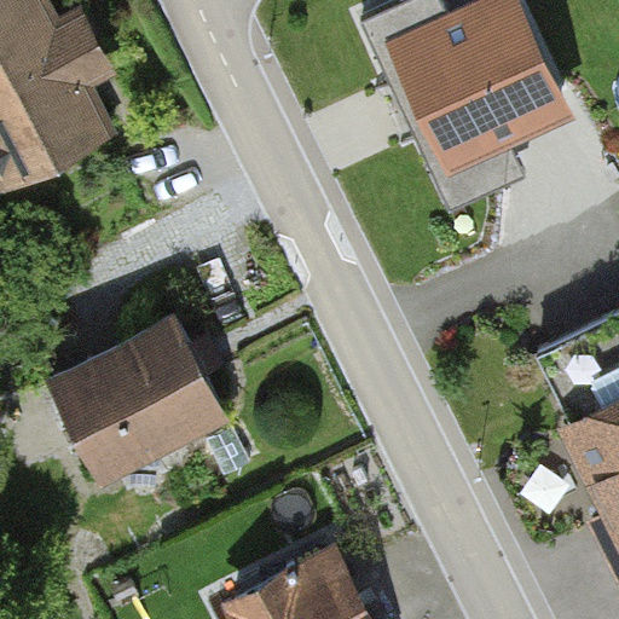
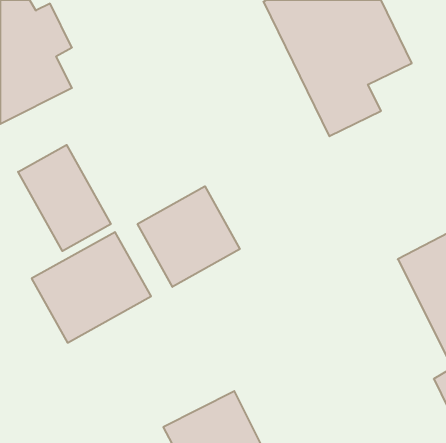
building: none -> [18,145,111,251]
building: none -> [138,186,240,287]

